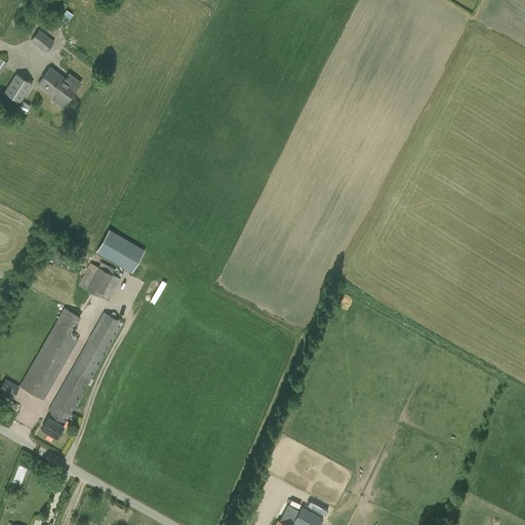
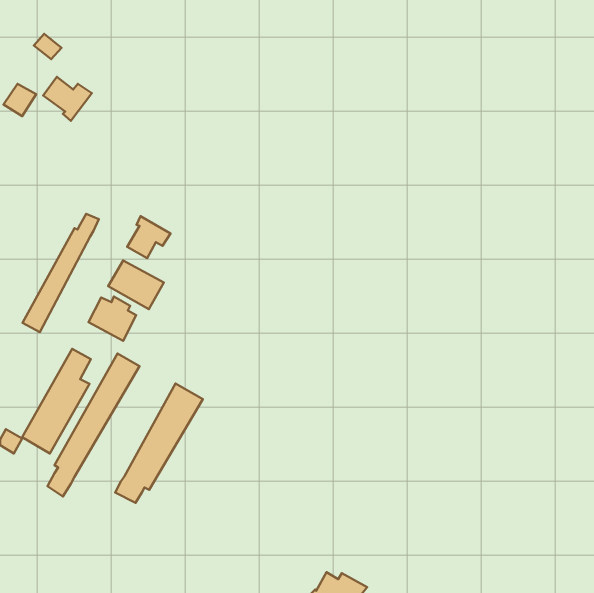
building: none -> [23,214,99,332]
building: none -> [127,216,171,258]
building: none -> [115,383,203,503]

